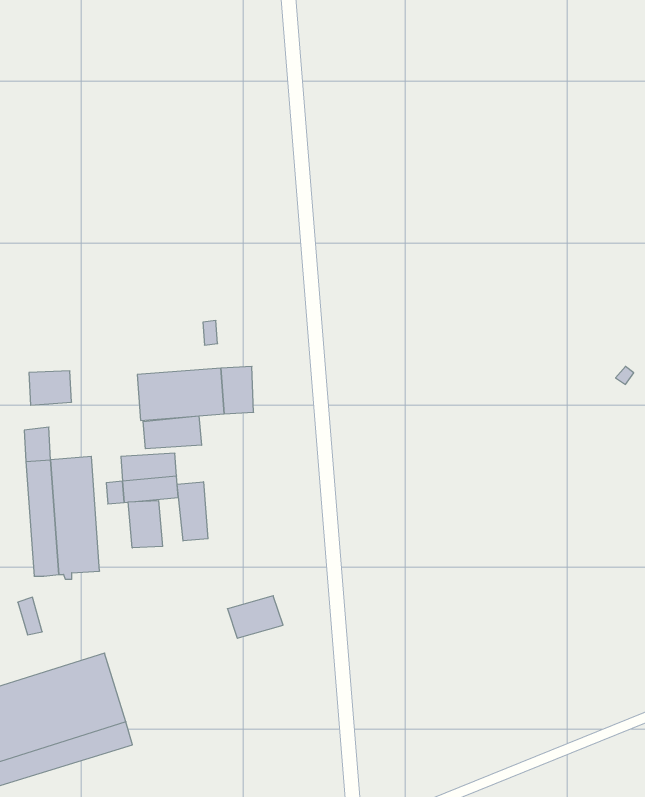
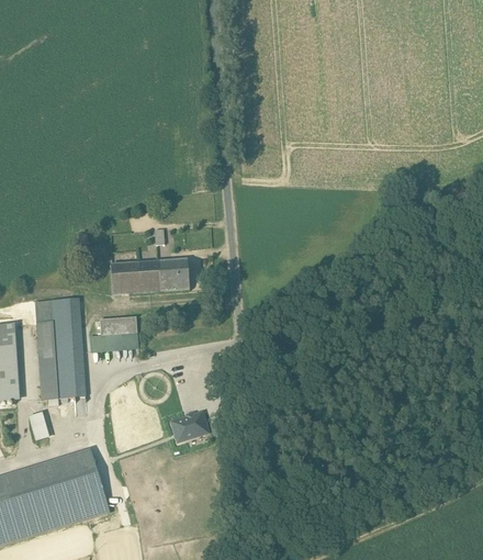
building: [29,371,72,405] -> [52,298,80,321]
building: [143,416,202,449] -> none
building: [177,482,208,541] -> none
building: [128,501,163,548] -> none

